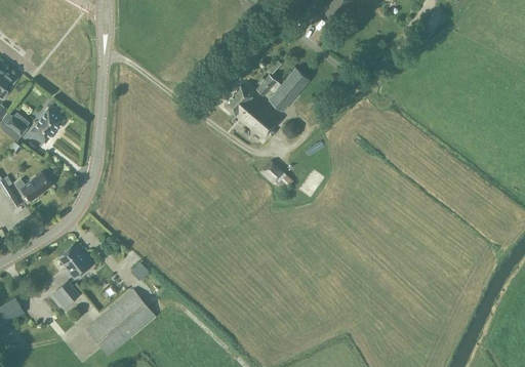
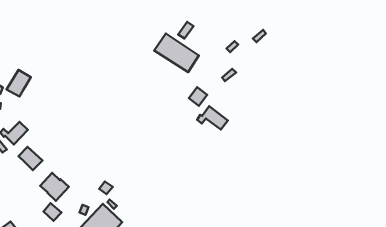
building: [269,68,310,112] -> none
building: none -> [197,106,228,129]
building: none -> [19,147,43,170]

